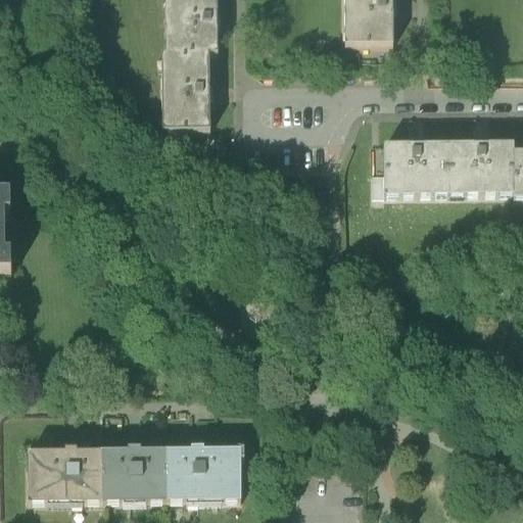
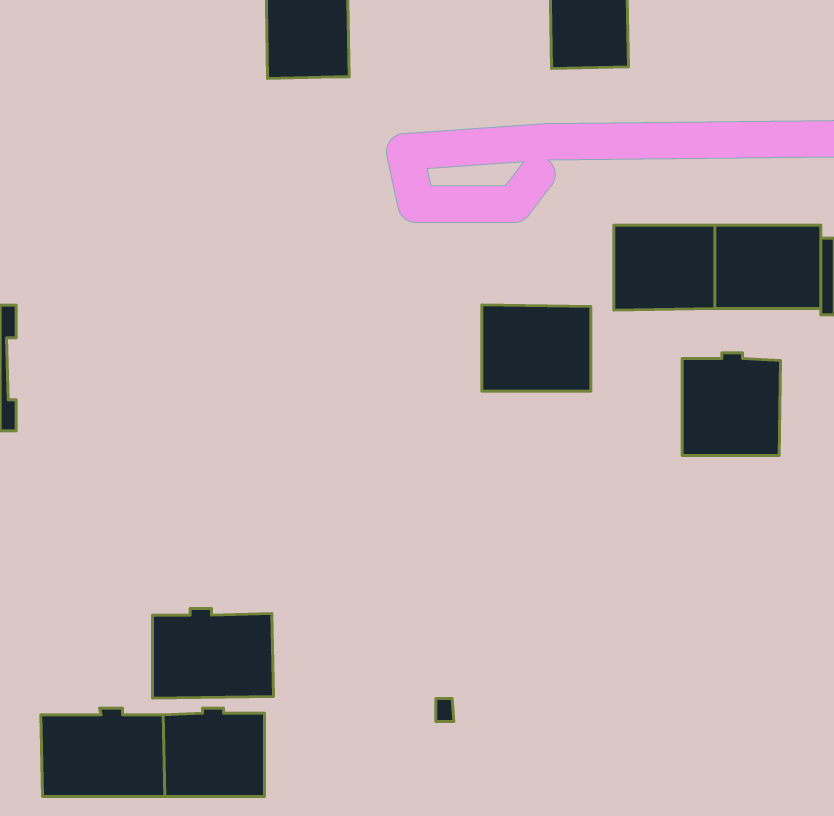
building: [162,48,210,127] -> none
building: none -> [482,305,591,391]
building: none -> [682,353,781,456]
building: [165,442,241,498] -> [153,608,273,698]

